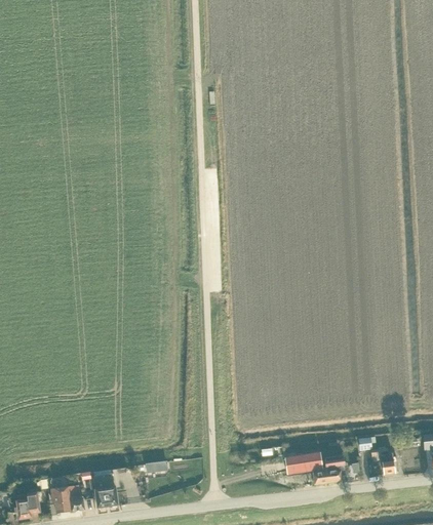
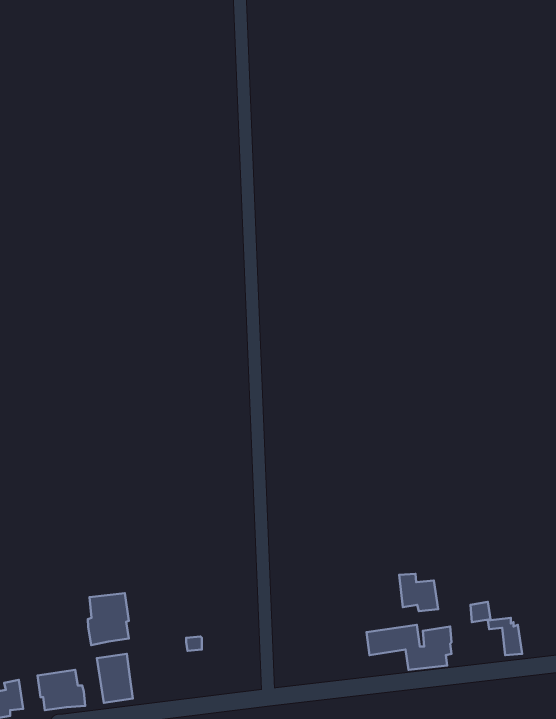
building: none -> [399,574,438,611]
building: none -> [88,593,129,645]

